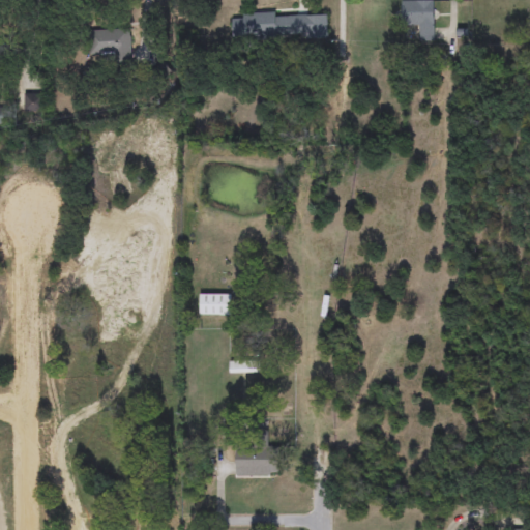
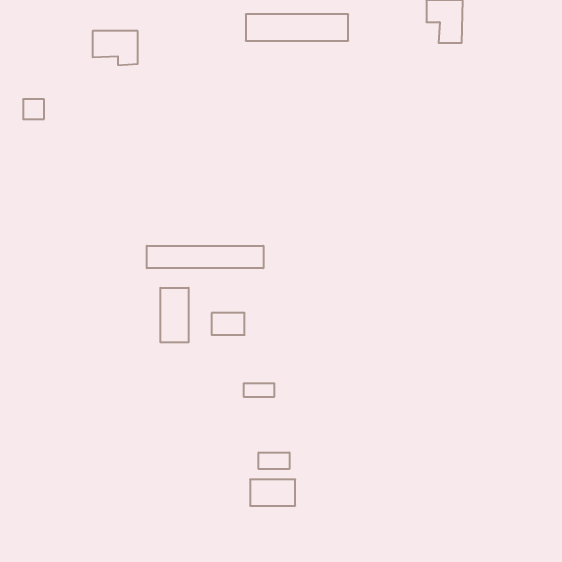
building: none -> [147,246,263,268]
building: none -> [160,288,189,342]
building: none -> [259,452,289,469]

